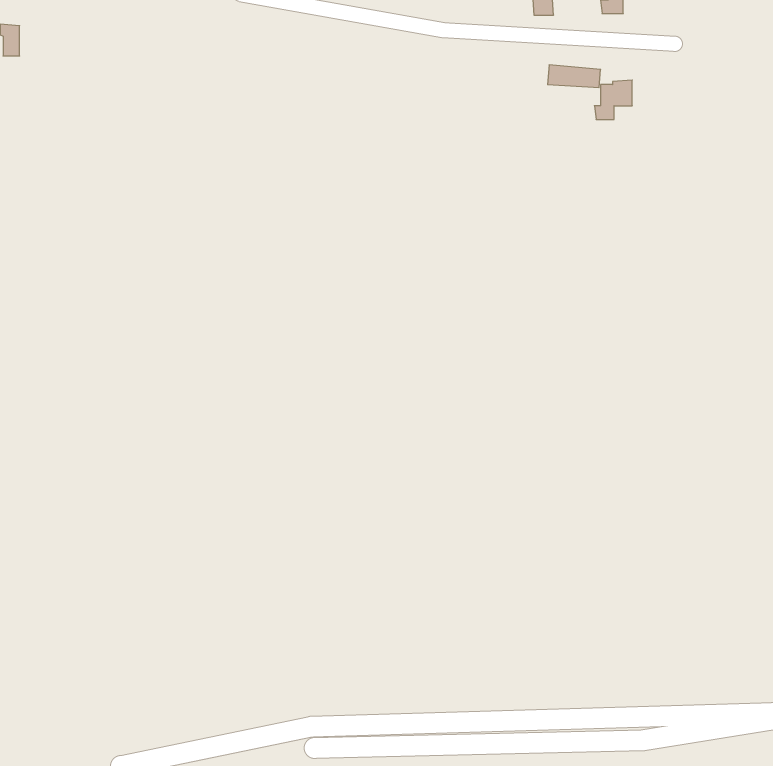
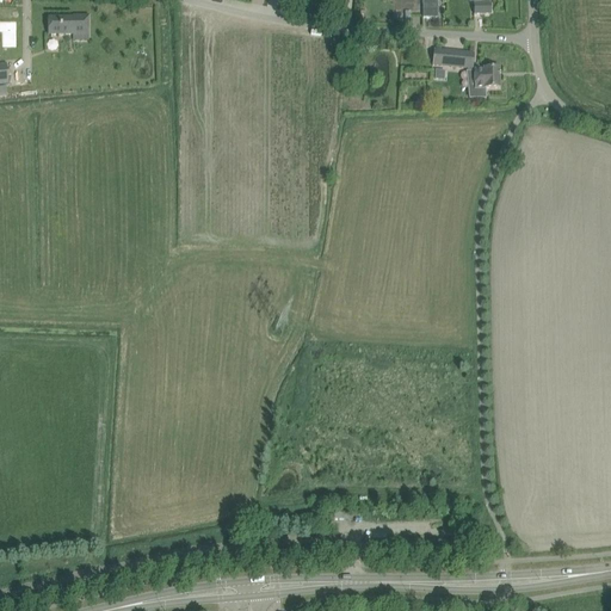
building: none -> [48,11,88,31]

